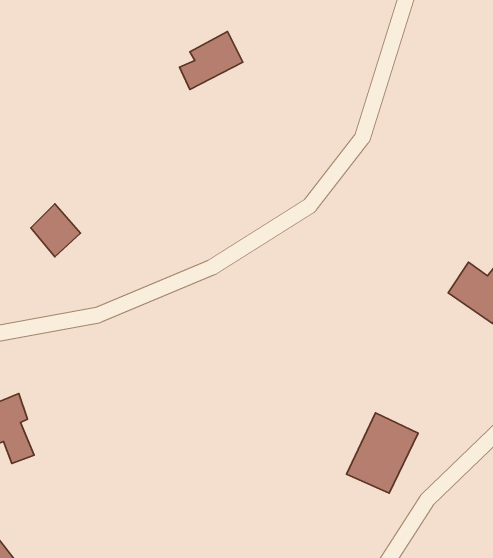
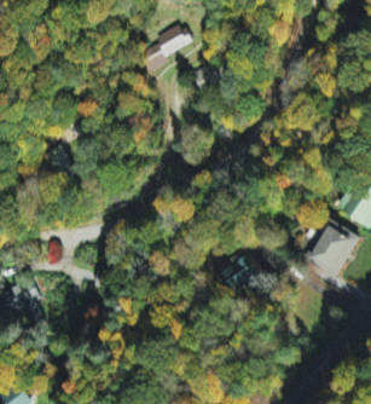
building: [346,413,418,493] -> [306,221,356,278]

